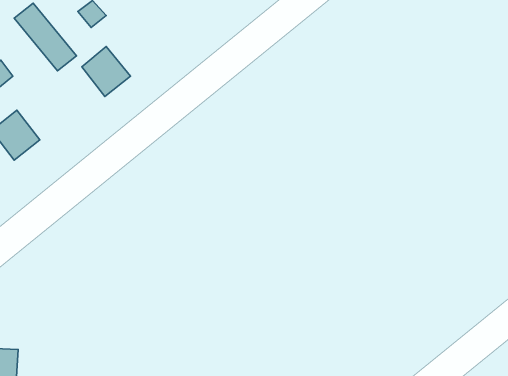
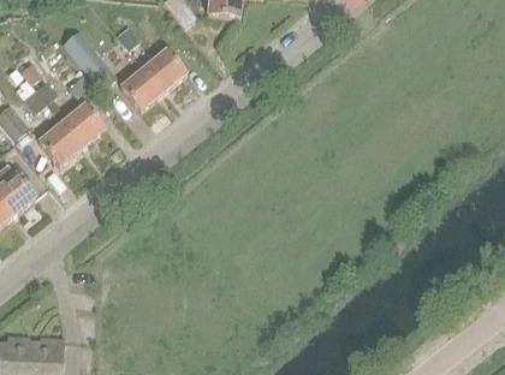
building: none -> [142,49,185,94]
building: none -> [63,106,106,150]

